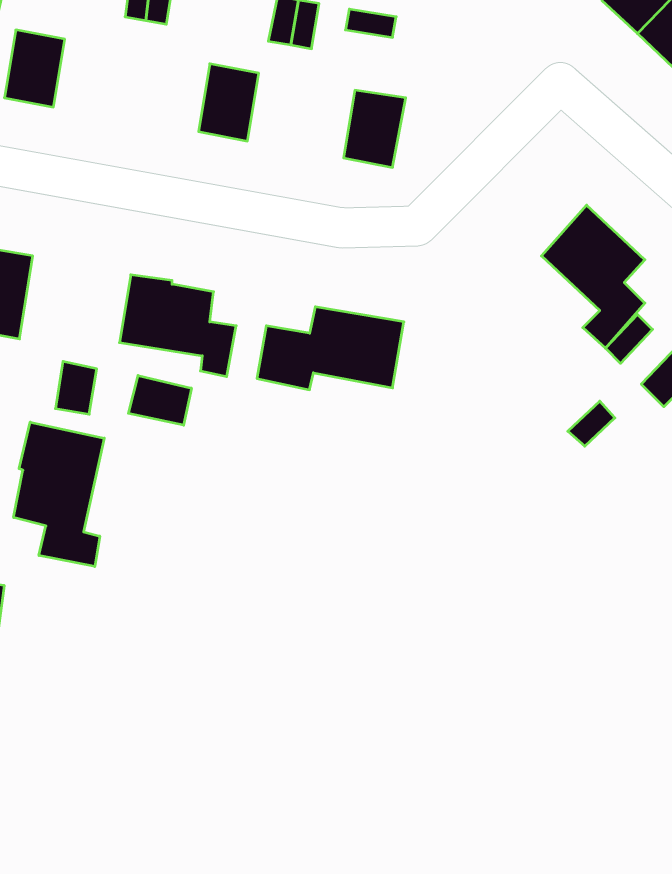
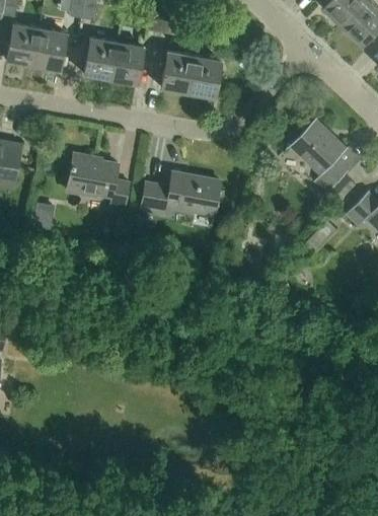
building: none -> [31,28,65,69]
building: none -> [83,38,116,78]
building: none -> [160,51,194,92]
building: [128,375,191,425] -> none
building: [14,422,104,567] -> none

